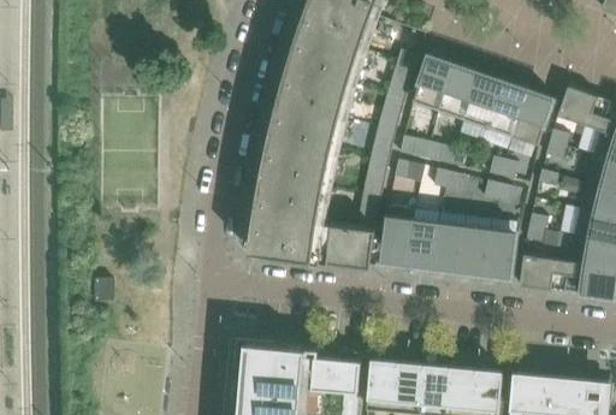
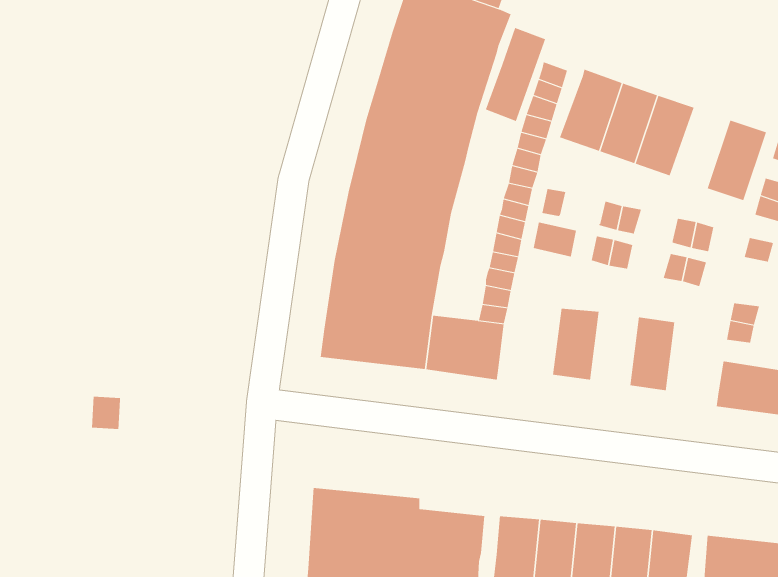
building: none -> [485,27,546,122]
building: [486,81,527,136] -> none
building: [378,206,413,263] -> none
building: [432,220,464,271] -> none
building: [484,227,516,277] -> none

